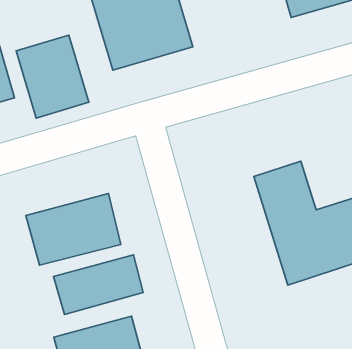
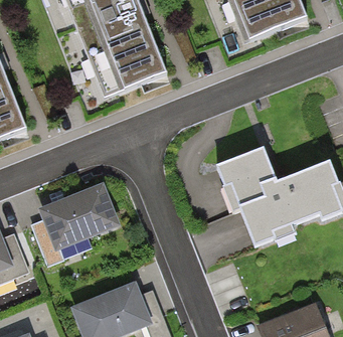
building: [16,35,89,118] -> none
building: [53,255,143,315] -> none

